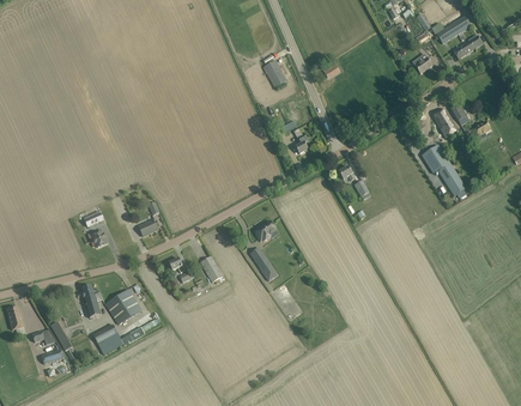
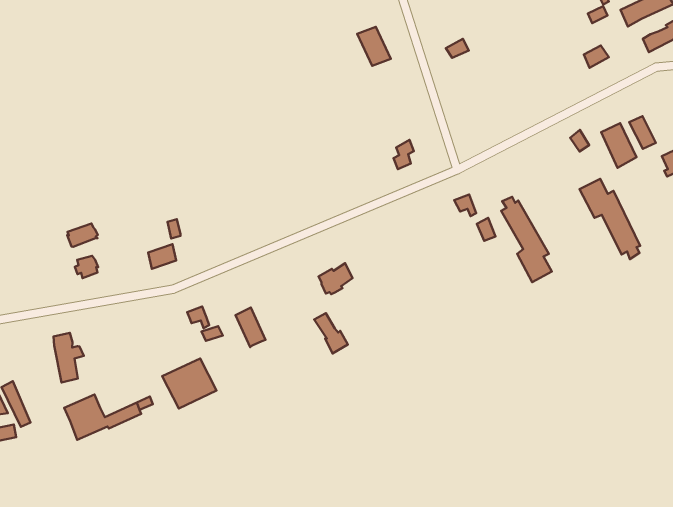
building: none -> [501,197,552,282]
building: [105,289,143,323] -> [162,358,217,408]

